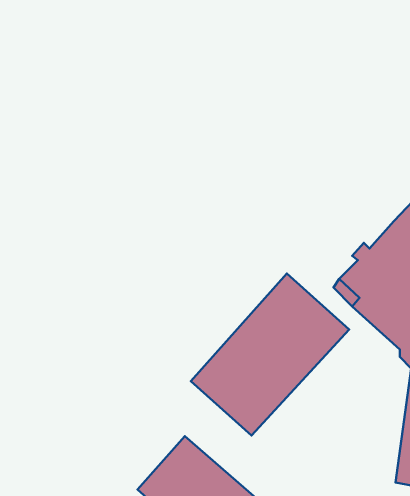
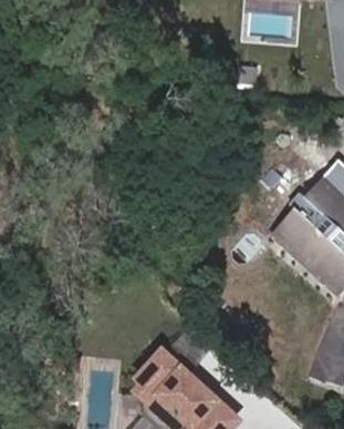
building: [191,274,349,435] -> none

